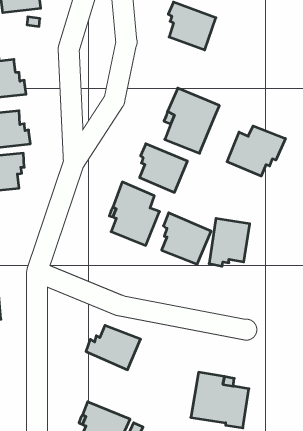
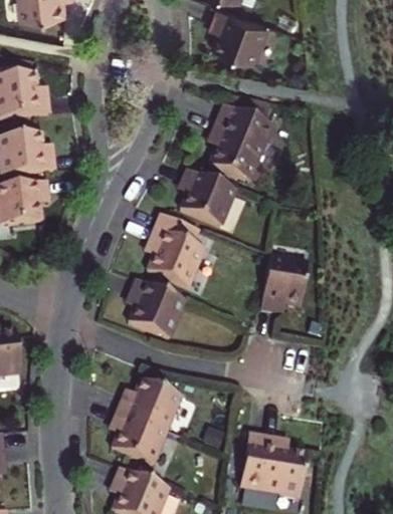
building: [227,126,285,176] -> none
building: [162,213,211,264] -> [128,278,185,337]
building: none -> [112,409,166,464]

